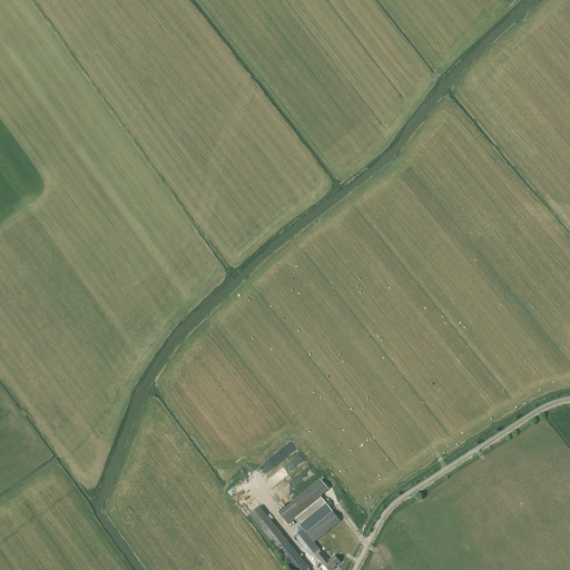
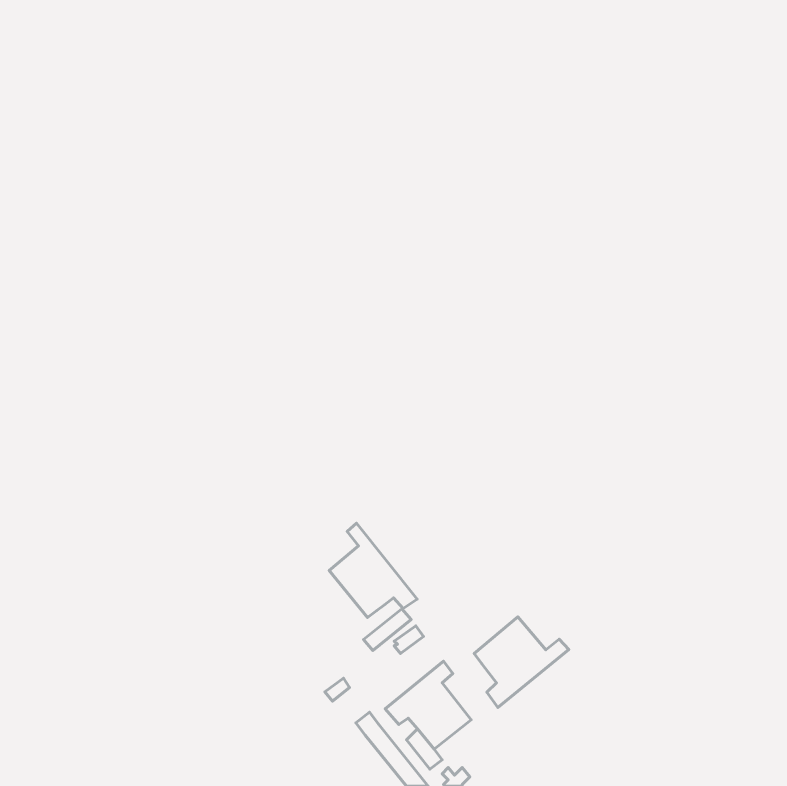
building: none -> [329,523,417,617]
building: none -> [474,617,569,707]

